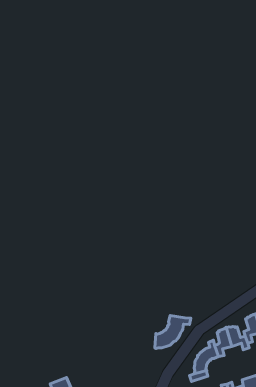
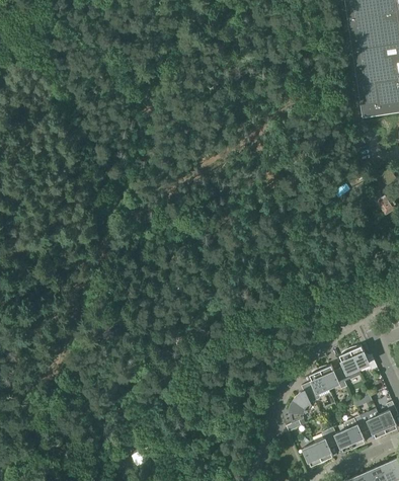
building: [155,316,191,349] -> none

